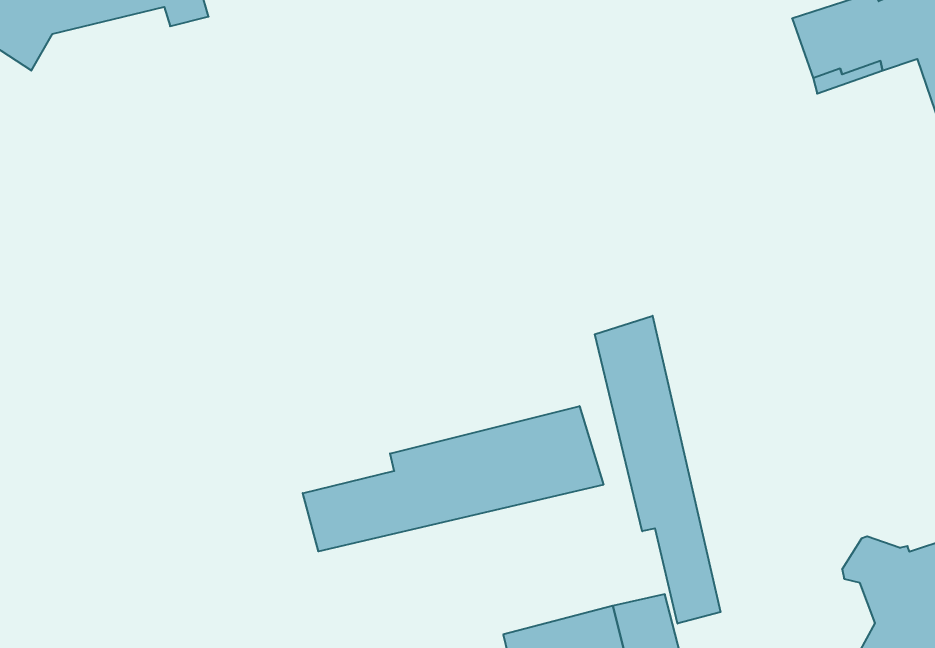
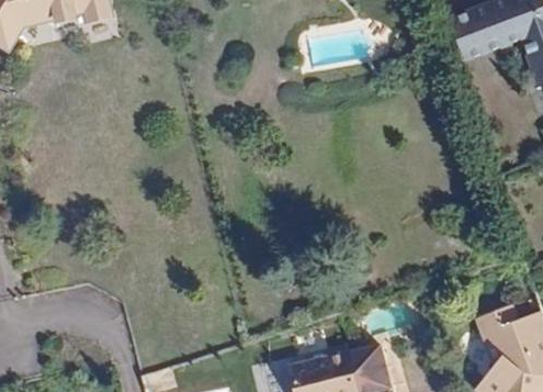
building: [595,316,721,624] -> none
building: [303,406,603,551] -> none

